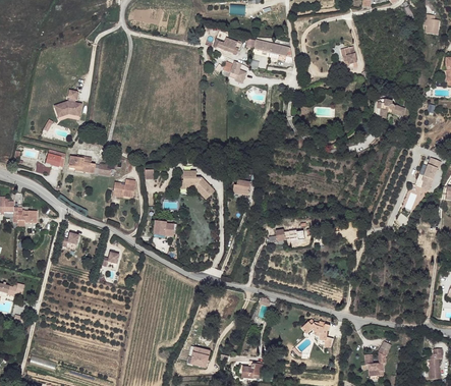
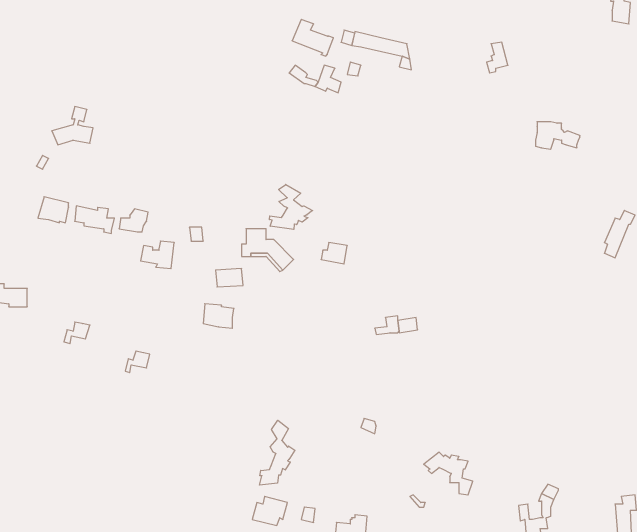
building: none -> [269,184,313,229]
building: none -> [260,420,295,485]

